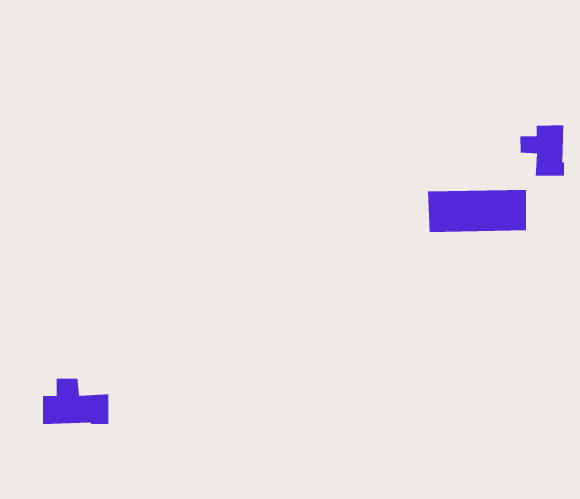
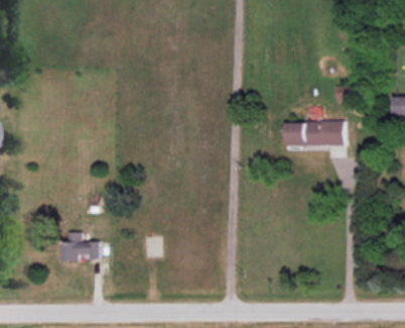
building: [520,125,565,177] -> none

